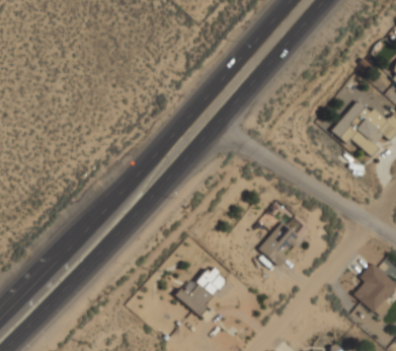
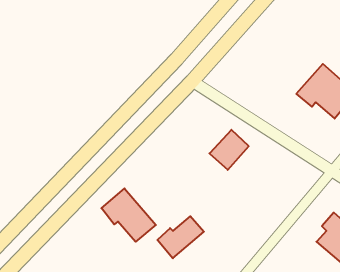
building: [258,221,302,266] -> [209,130,249,170]
building: none -> [101,188,156,242]

